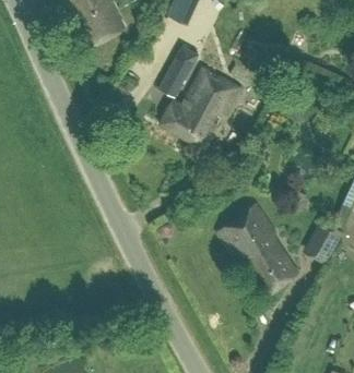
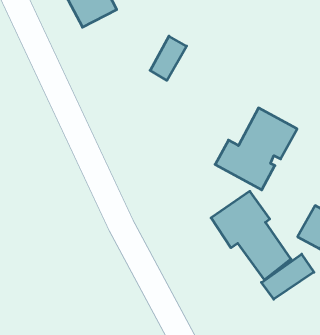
building: [161,67,241,147] -> [215,108,297,190]
building: none -> [261,254,314,299]

